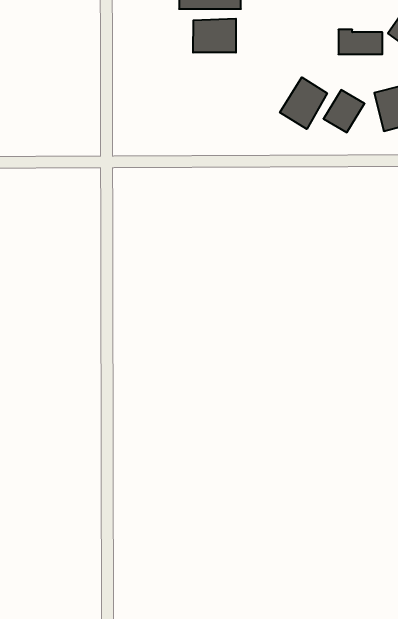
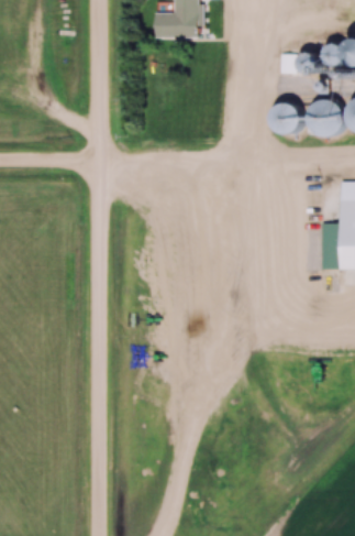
building: [193,19,236,53] -> none
building: [280,77,327,129] -> none

